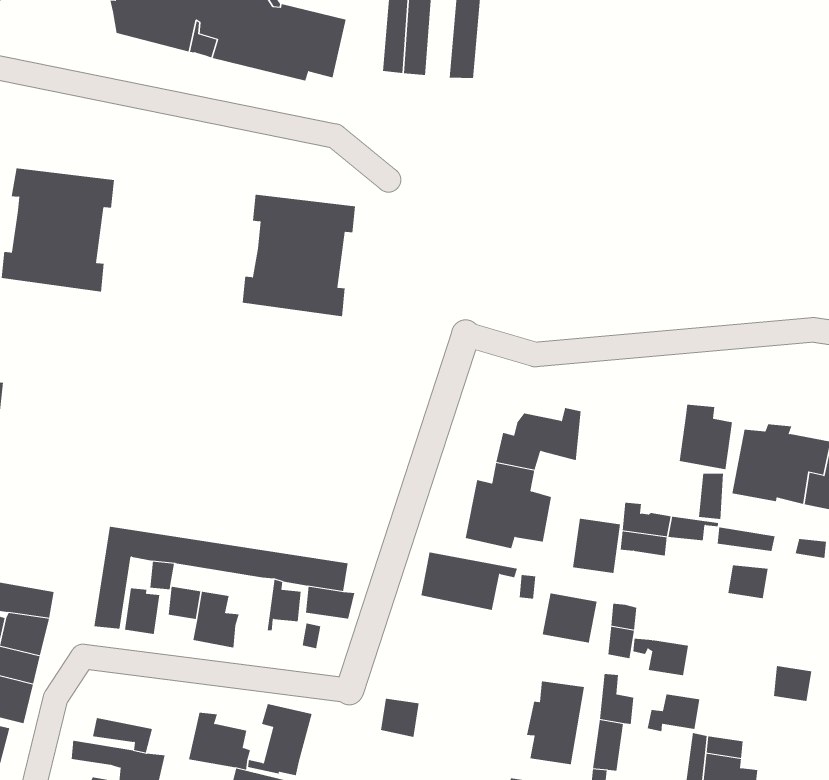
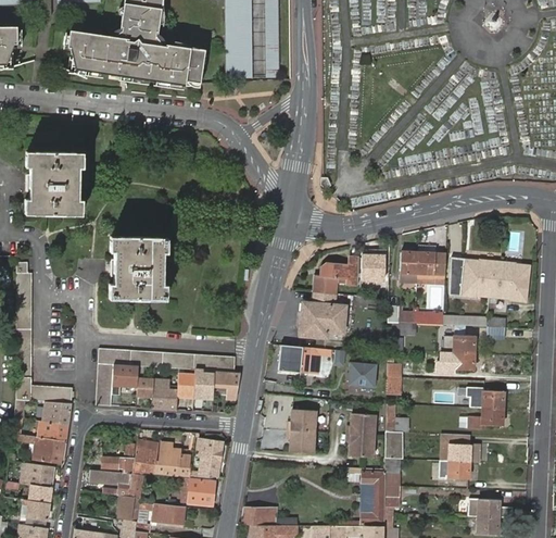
building: [242,194,356,317] -> [109,238,167,302]
building: none -> [399,253,417,281]
building: [572,518,621,574] -> [362,254,387,284]
building: none -> [176,370,194,399]
building: [632,638,689,676] -> [440,352,471,371]
building: none -> [286,409,316,453]
building: [647,694,700,732] -> [473,408,502,429]
building: none -> [132,446,159,475]

